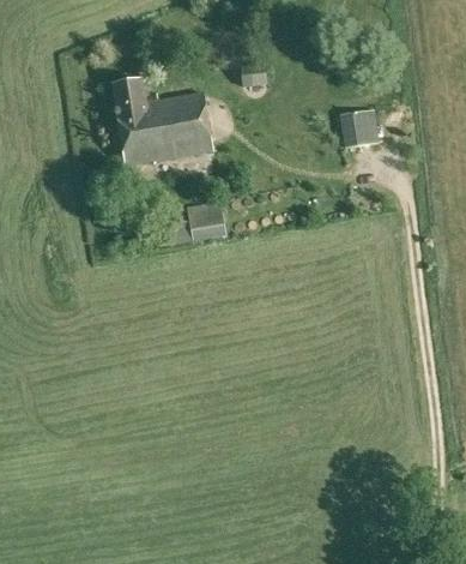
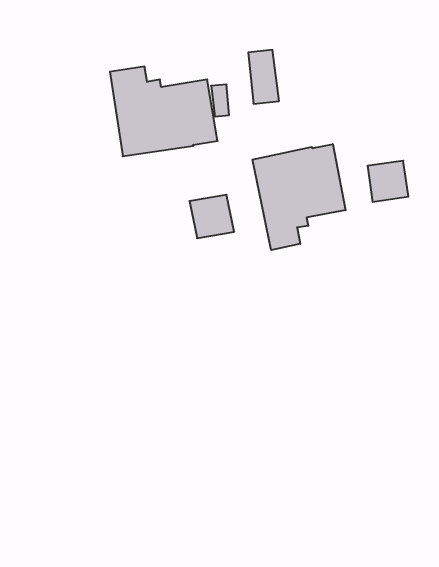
building: [339,112,377,150] -> [367,161,408,202]
building: none -> [252,144,346,250]

